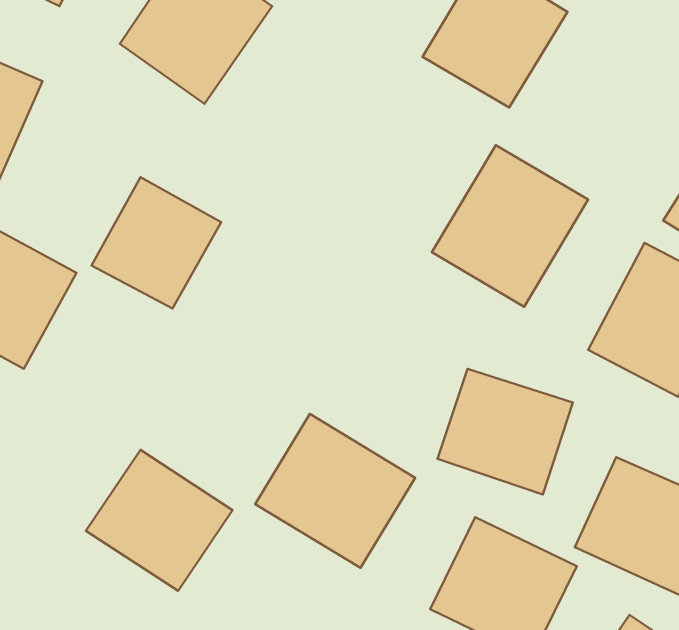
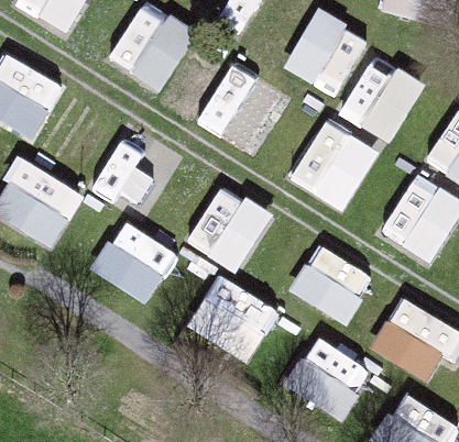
building: none -> [340,55,424,144]
building: none -> [197,62,286,153]
building: none -> [187,184,273,273]
building: [86,450,233,591] -> [91,221,177,303]

